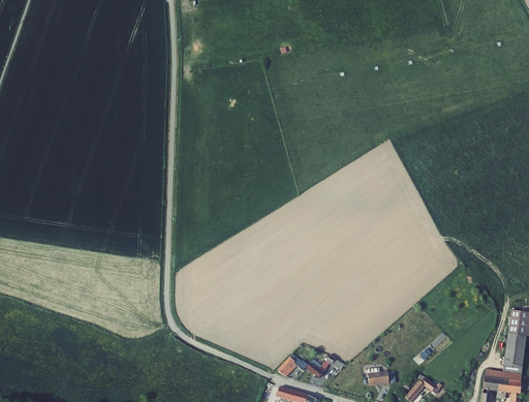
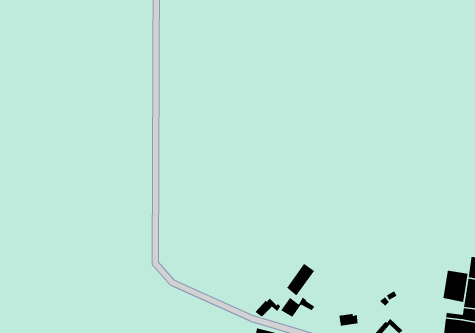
building: none -> [286,263,315,296]
building: none -> [443,270,469,303]

